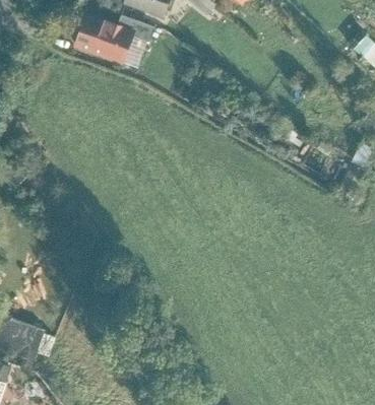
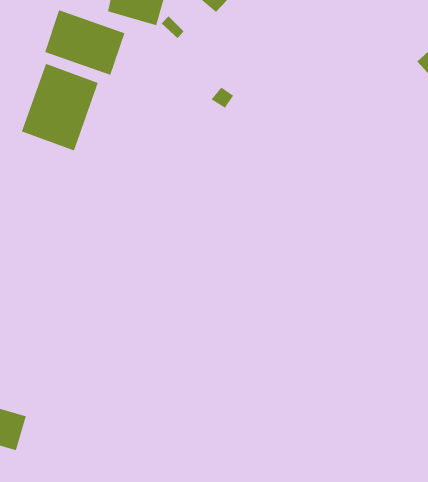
building: none -> [21,63,99,152]

